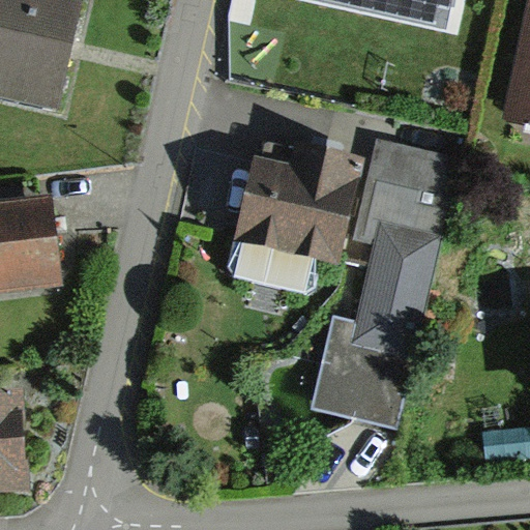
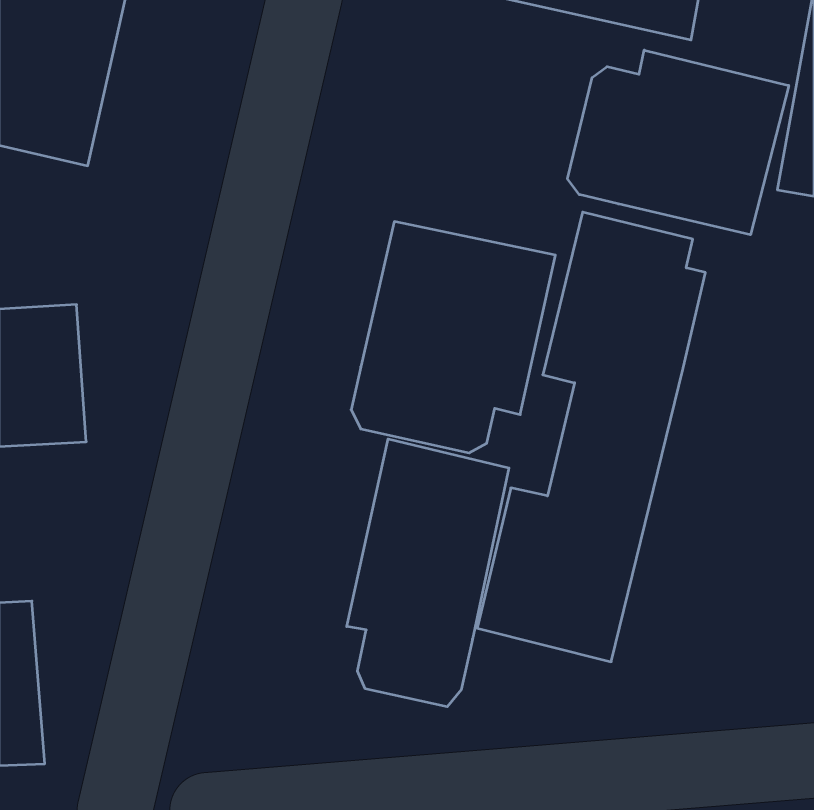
building: none -> [567,50,789,235]
building: none -> [347,439,509,707]

